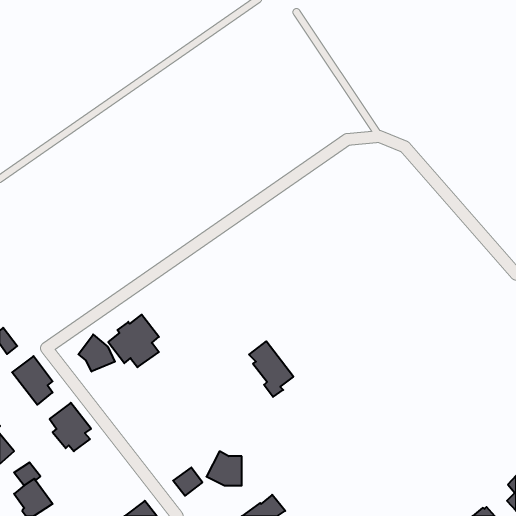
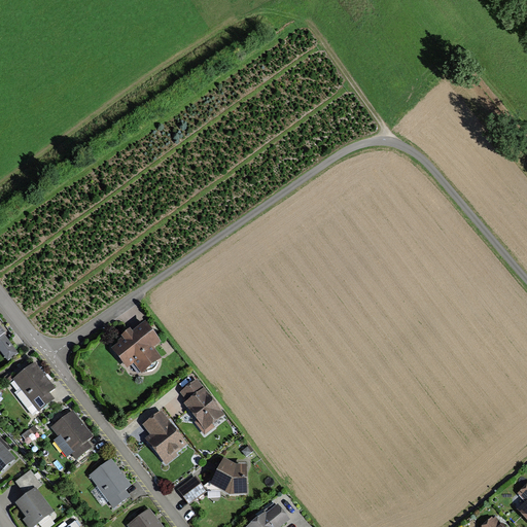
building: [78,334,115,372] -> none
building: [249,341,293,397] -> [179,379,224,435]
building: none -> [141,410,185,464]
building: none -> [89,459,130,508]

